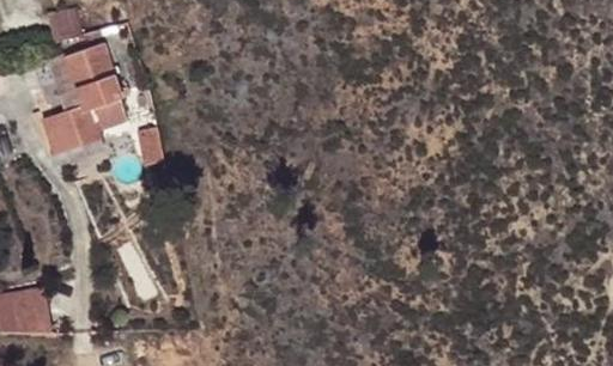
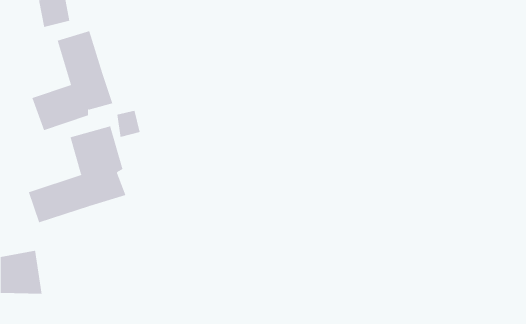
building: none -> [28,126,126,223]

